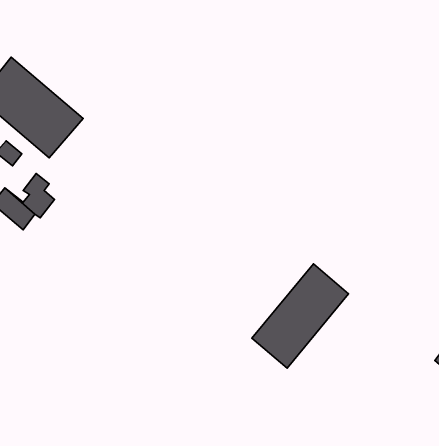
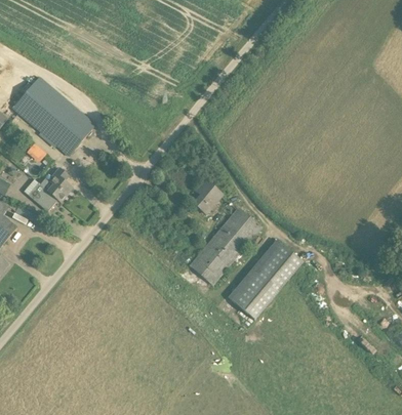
building: none -> [192,179,220,213]
building: none -> [188,207,259,284]

